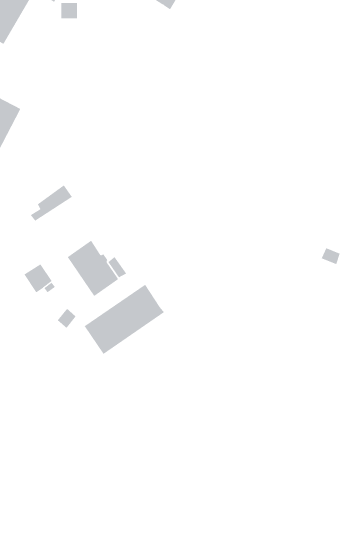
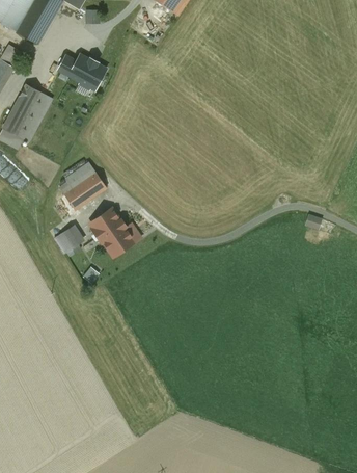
building: none -> [58,54,106,88]
building: none -> [63,172,106,209]
building: [84,284,165,355] -> none

